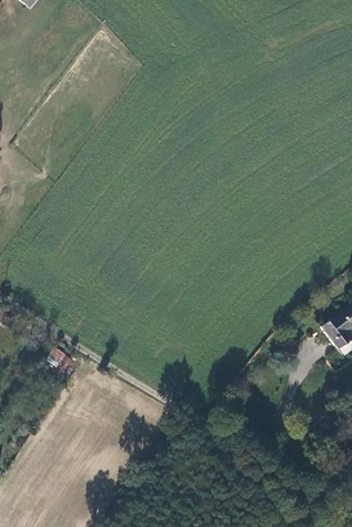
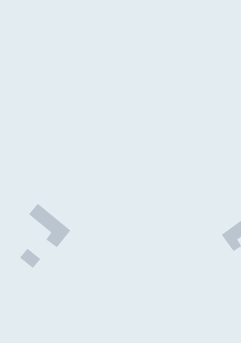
building: none -> [28,203,71,248]

